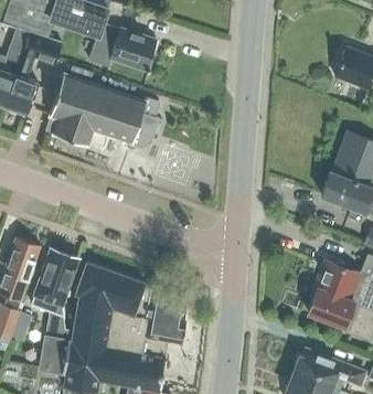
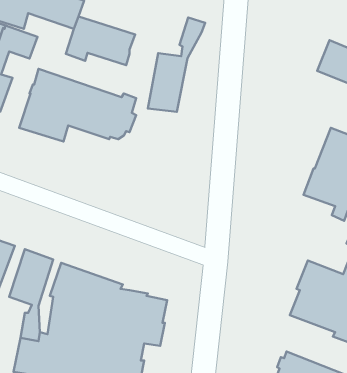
building: none -> [148,18,205,112]

